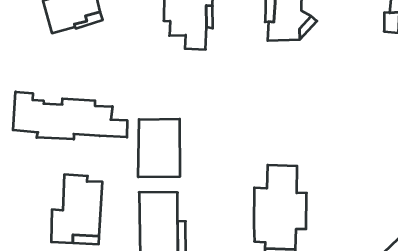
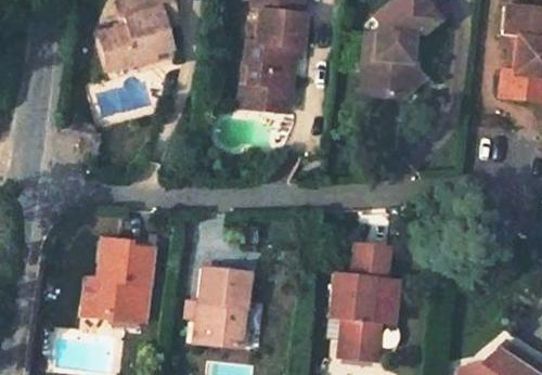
building: none -> [237,61,289,112]
building: [13,92,127,139] -> none
building: [138,119,180,177] -> none

